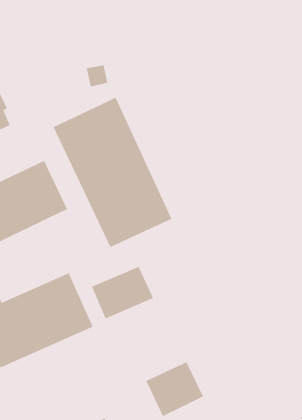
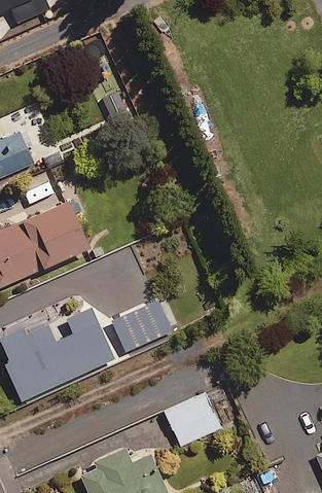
building: [53,97,172,248] -> none

